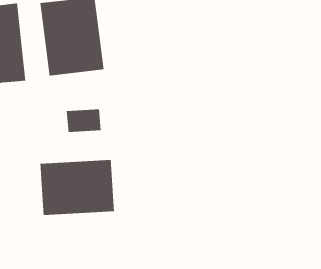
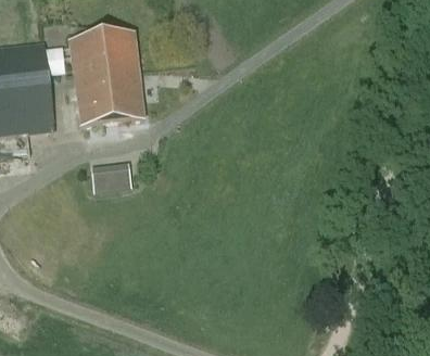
building: [40,159,115,216] -> none

